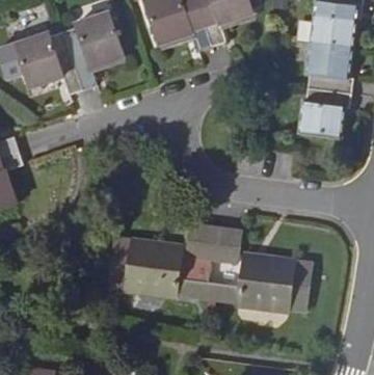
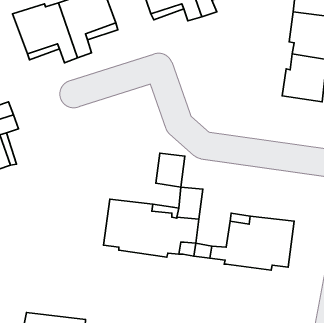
building: [210,226,240,262] -> [156,153,185,187]

